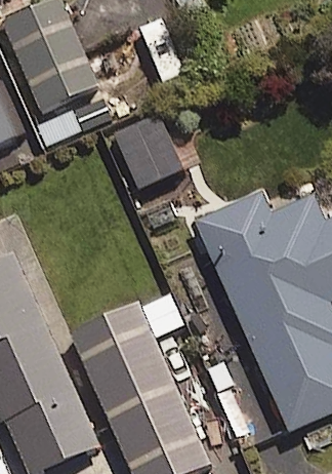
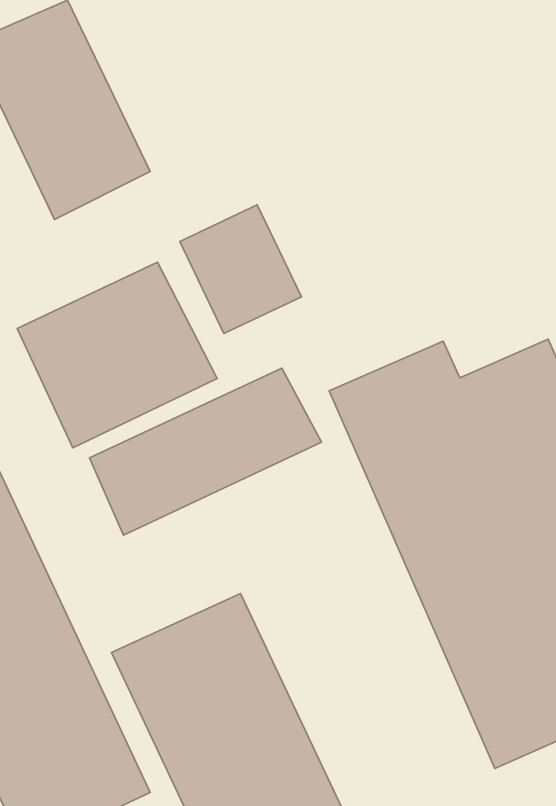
building: none -> [17,262,217,448]
building: none -> [90,368,322,535]

